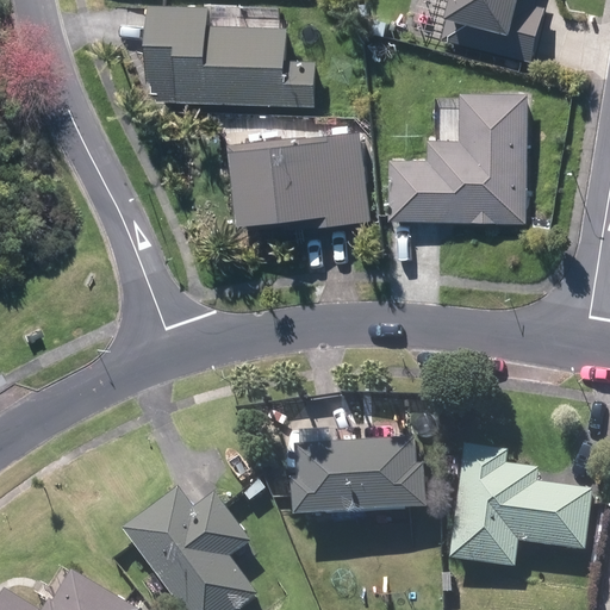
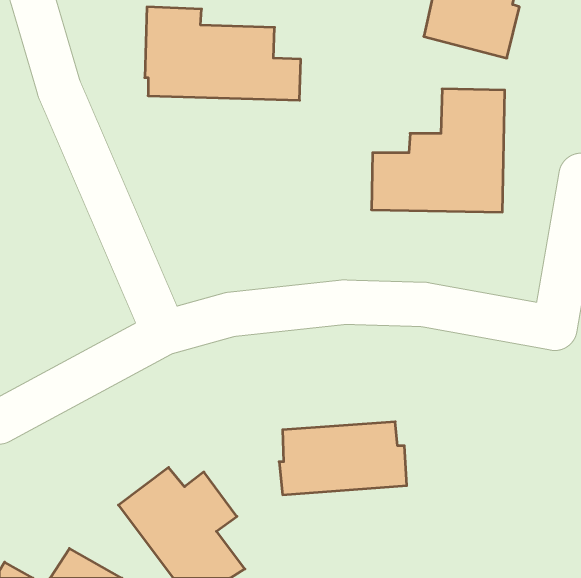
building: [229,132,369,229] -> none
building: [448,444,591,564] -> none

